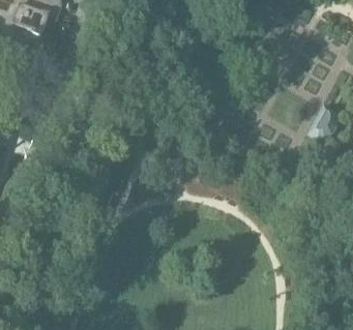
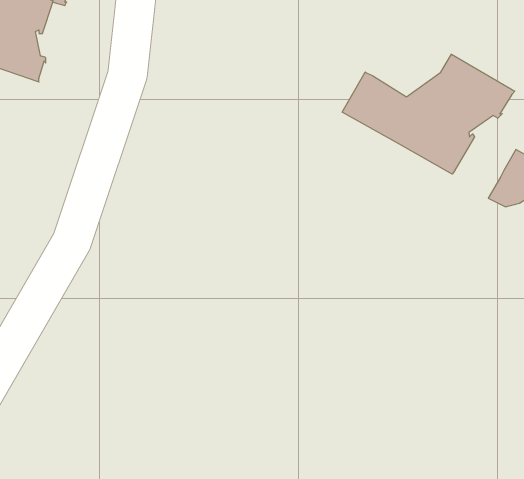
building: none -> [342,54,515,174]

